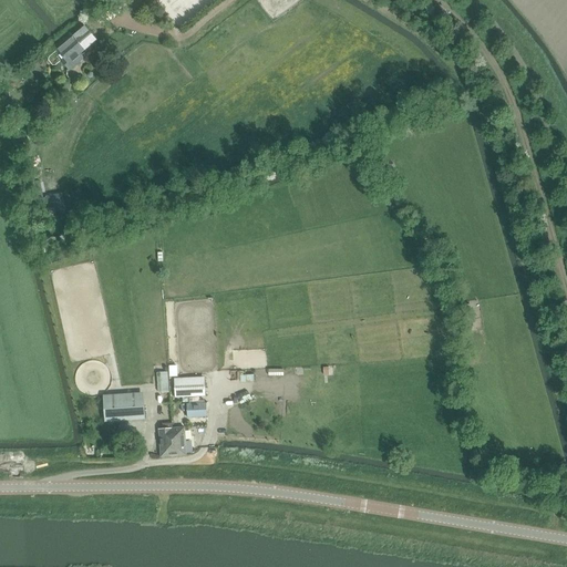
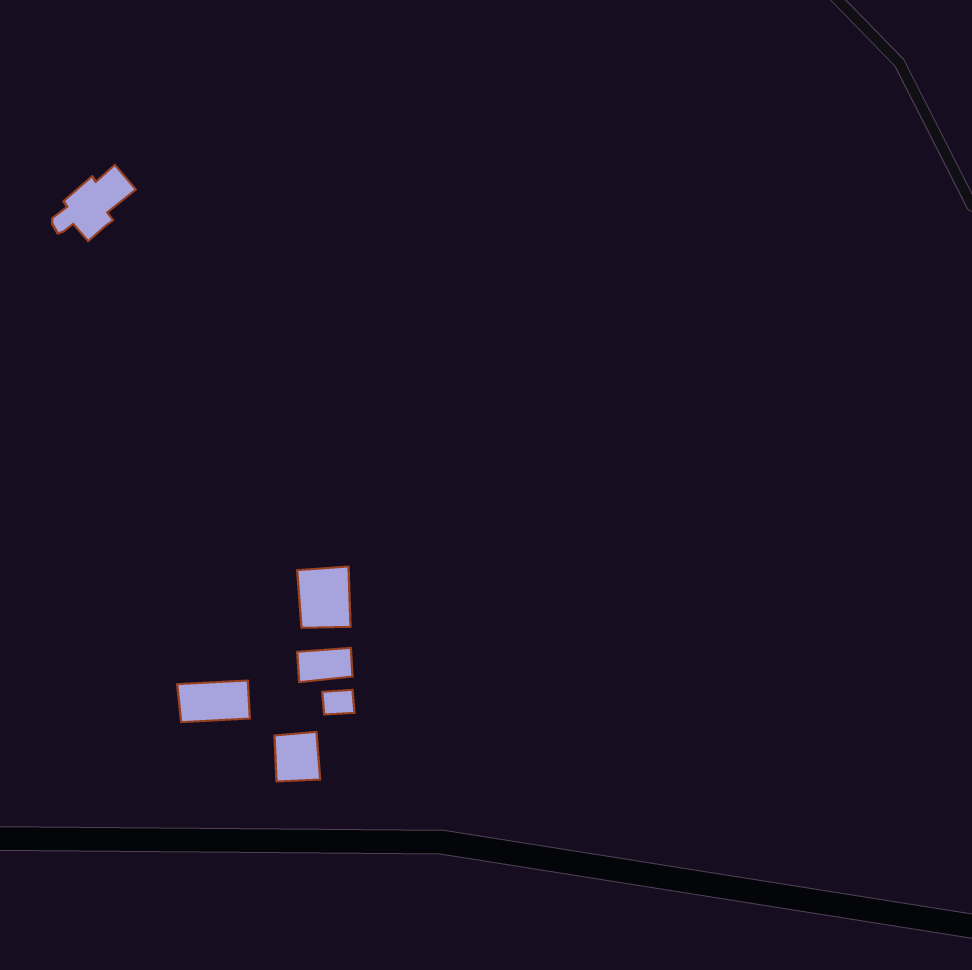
building: [49,24,97,69] -> [52,165,136,241]
building: none -> [297,567,351,628]

